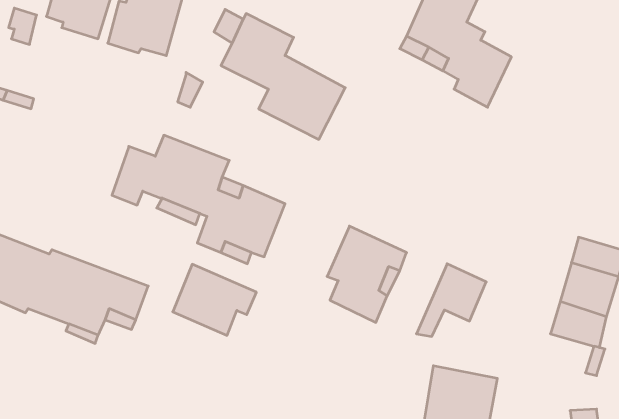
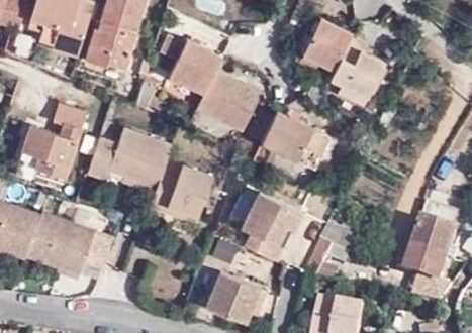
building: none -> [18,105,82,176]
building: none -> [242,111,322,169]
building: [173,264,256,335] -> [206,270,267,322]

